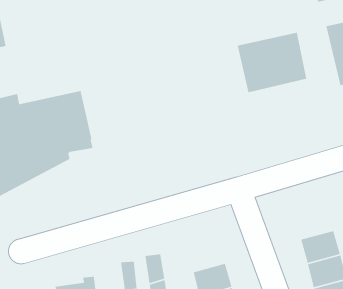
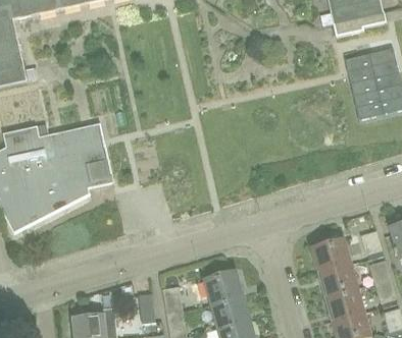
building: [237,32,307,93] -> none
building: none -> [312,238,352,272]
building: none -> [204,271,244,304]

